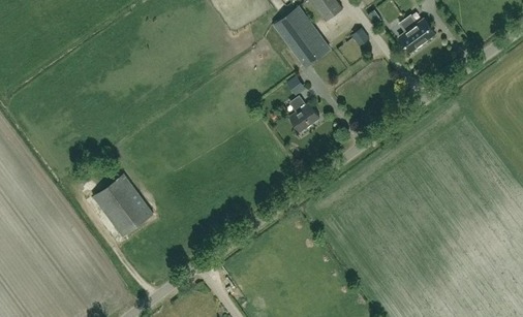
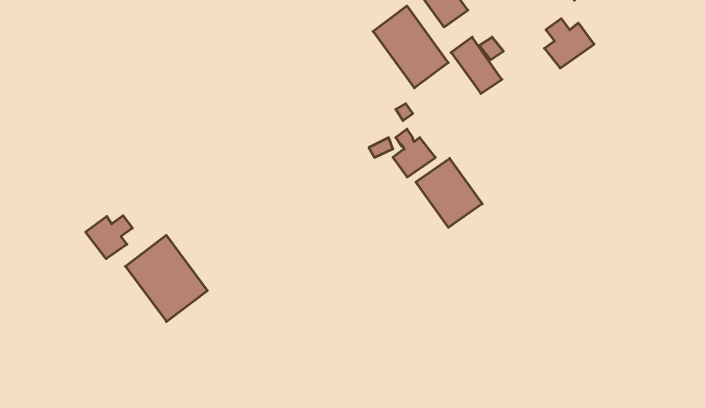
building: none -> [416,158,482,227]
building: none -> [86,216,132,259]

